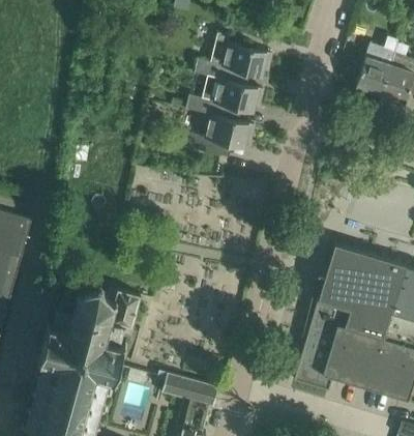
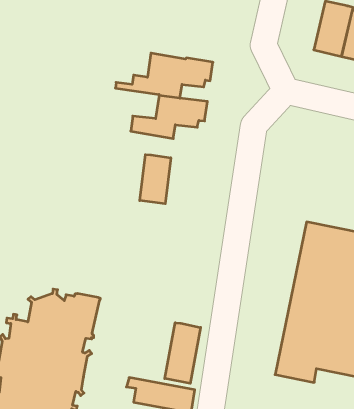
building: [195,39,272,85] -> none
building: none -> [140,155,171,204]
building: none -> [165,323,201,383]

